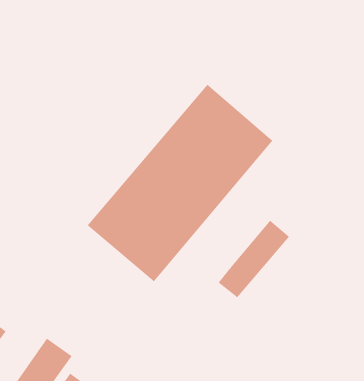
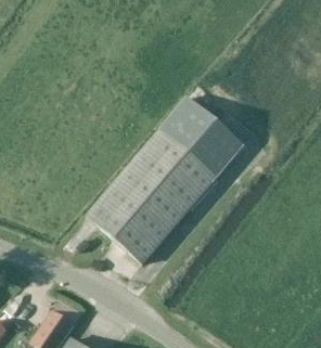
building: [218,220,290,298] -> none

